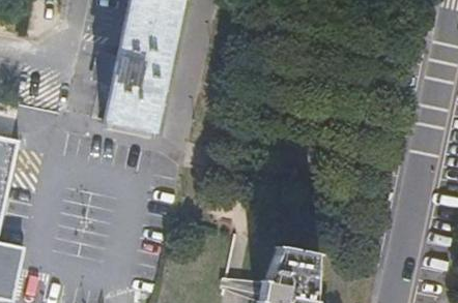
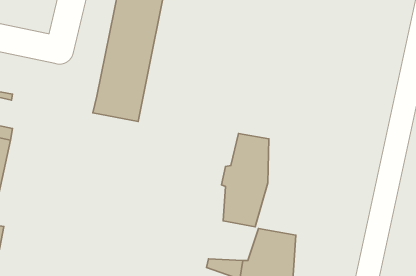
building: none -> [221,134,269,227]

